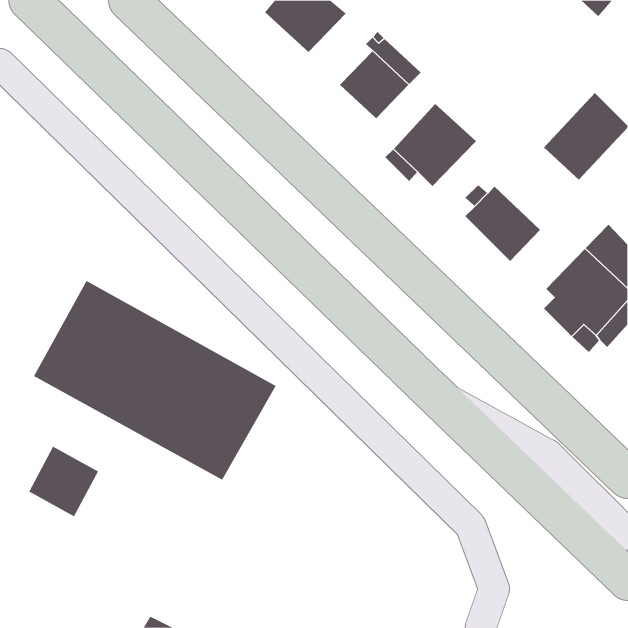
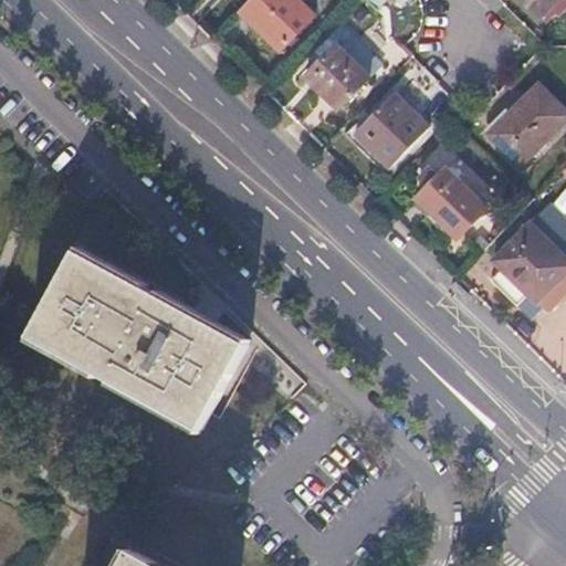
building: [28,446,99,517] -> none

